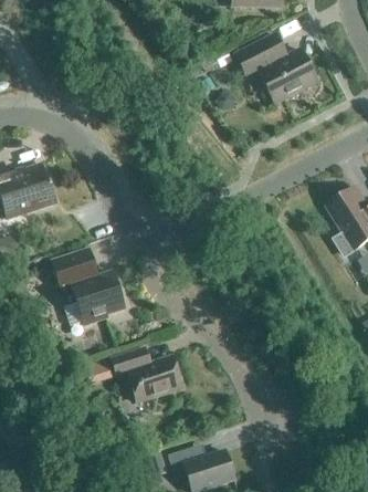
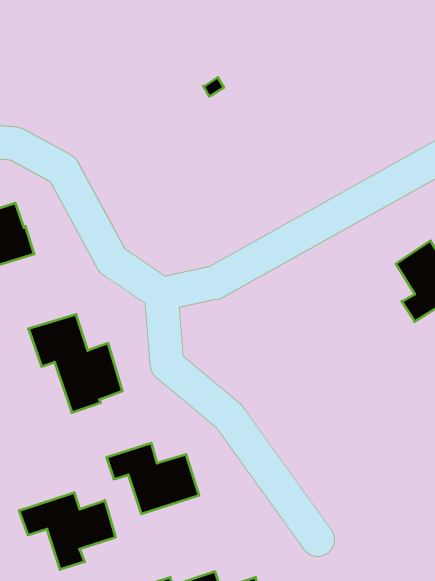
building: [234,33,316,103] -> none
building: none -> [19,493,115,570]

